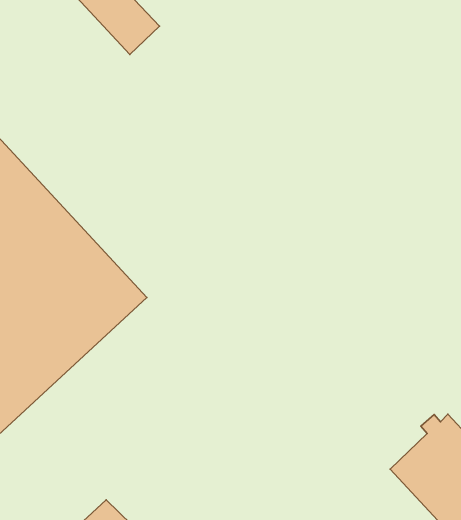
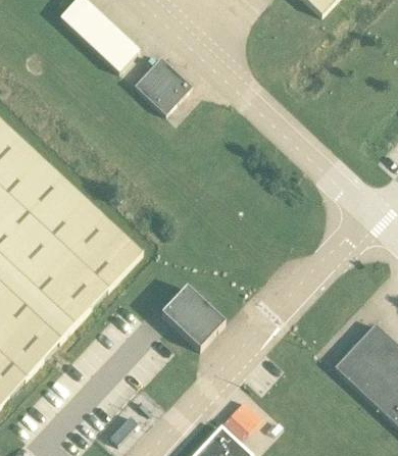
building: none -> [134,55,191,113]
building: none -> [162,285,223,346]

